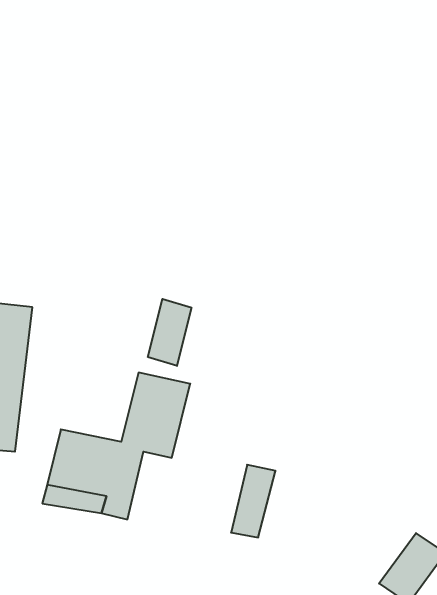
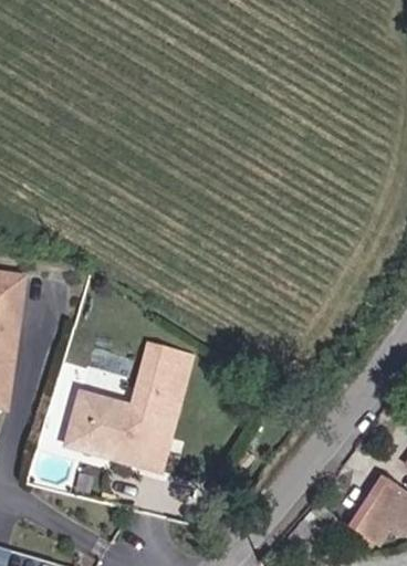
building: [148,299,191,366] -> none
building: [231,465,276,537] -> [123,408,163,473]

